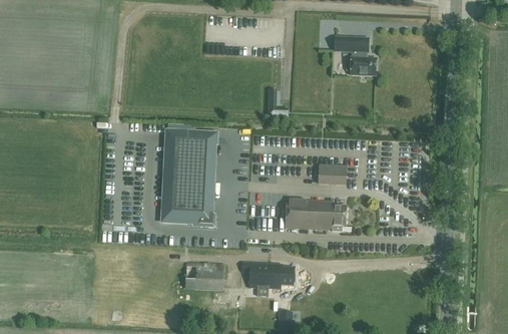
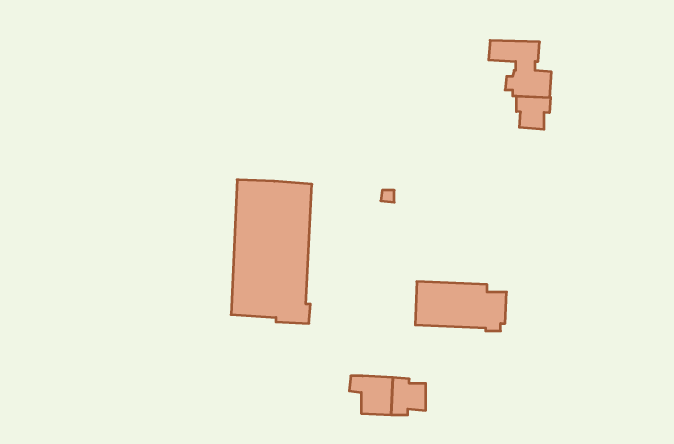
building: none -> [516,96,551,129]
building: [318,163,346,183] -> none
building: [193,261,223,289] -> none

